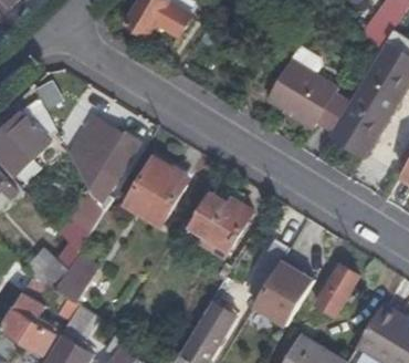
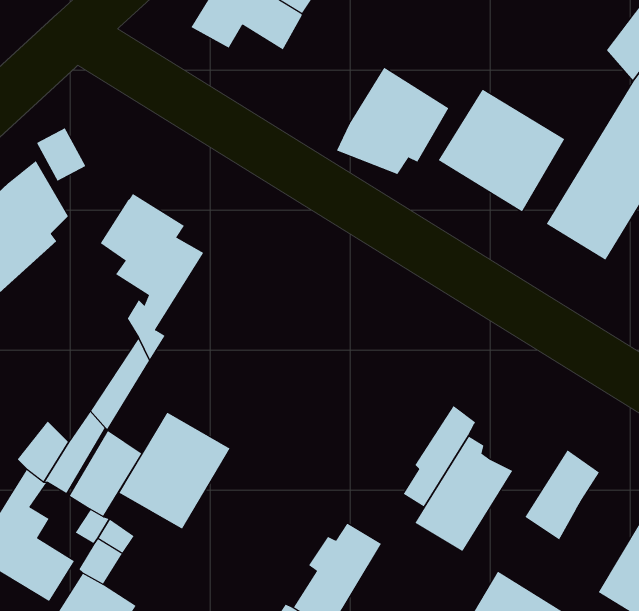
building: none -> [336,67,449,175]
building: [125,157,189,225] -> [119,412,231,530]
building: [187,195,251,257] -> none

